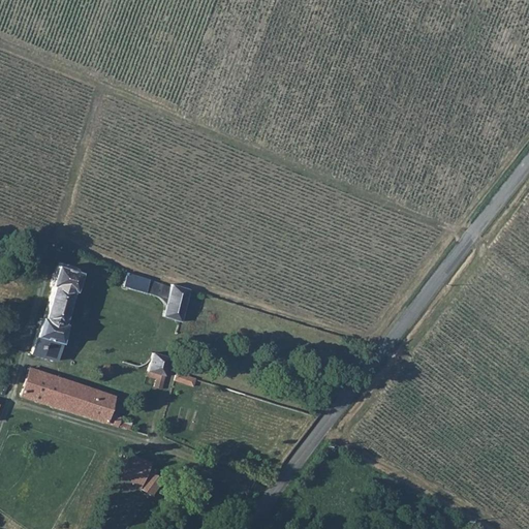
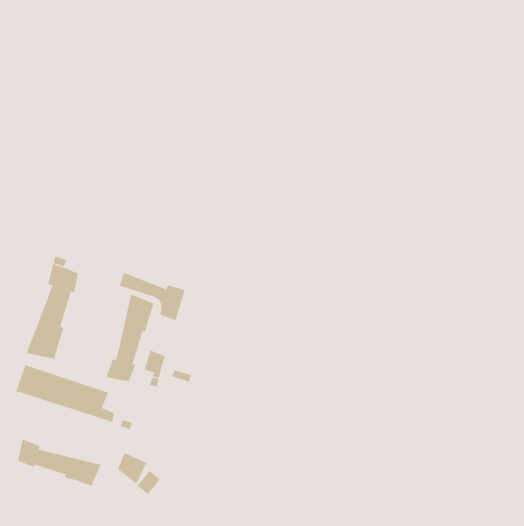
building: none -> [106,294,154,382]
building: none -> [18,439,101,486]

